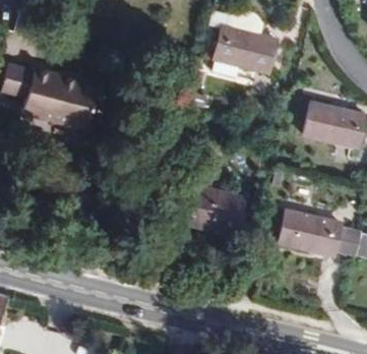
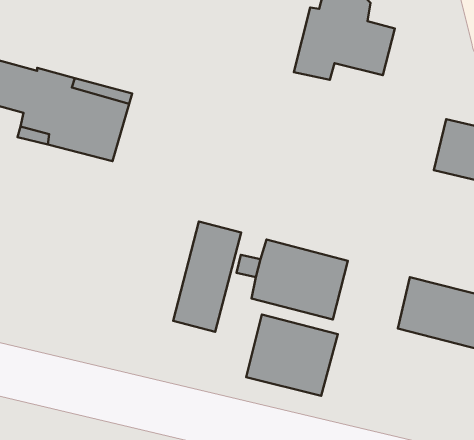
building: none -> [173,221,241,332]
building: none -> [246,314,338,396]

